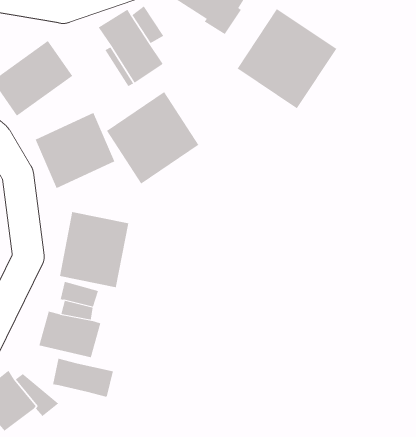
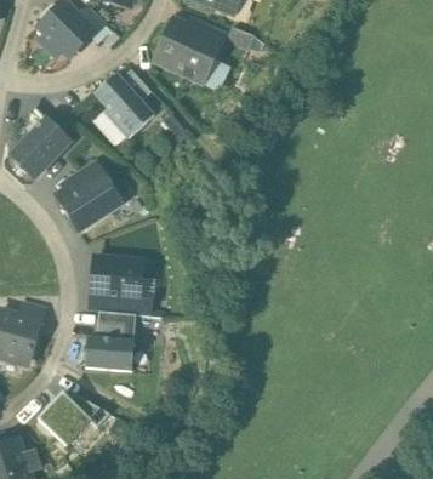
building: [237,8,337,109] -> none
building: [106,91,199,185] -> none
building: [53,358,113,397] -> none

